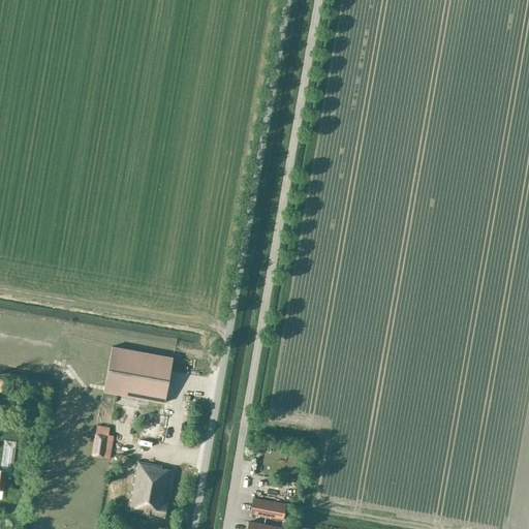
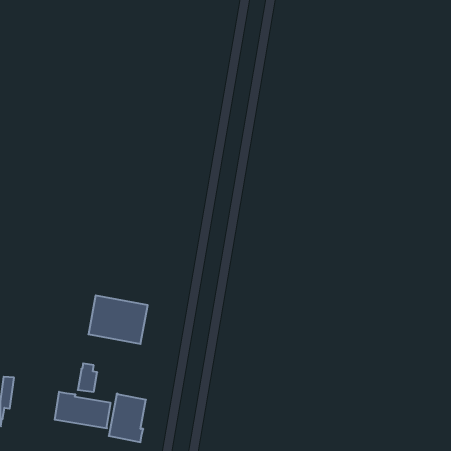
building: none -> [55,392,110,428]
building: [251,498,286,519] -> none

